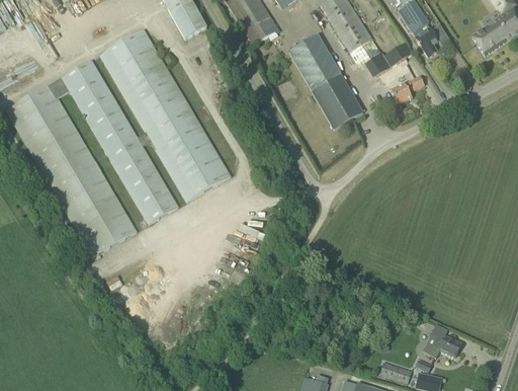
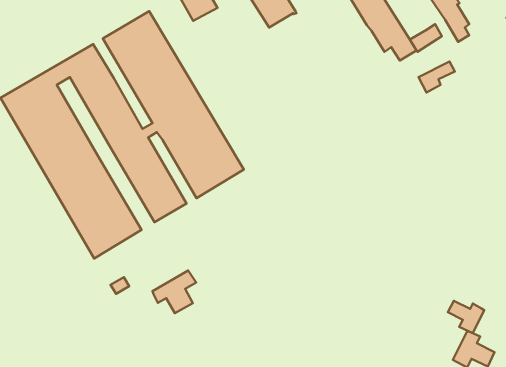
building: [289,34,363,130] -> none
building: none -> [152,270,196,313]
building: none -> [448,301,484,333]

